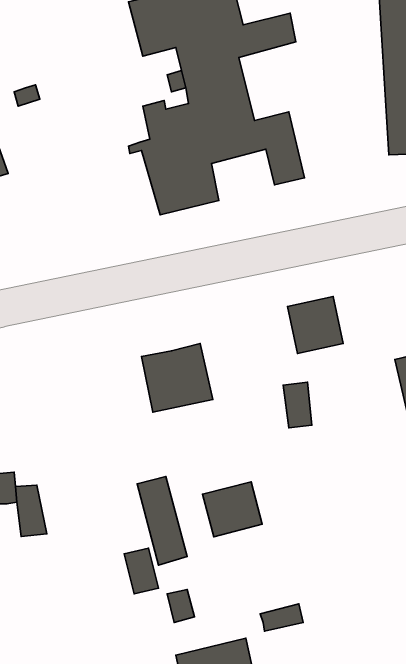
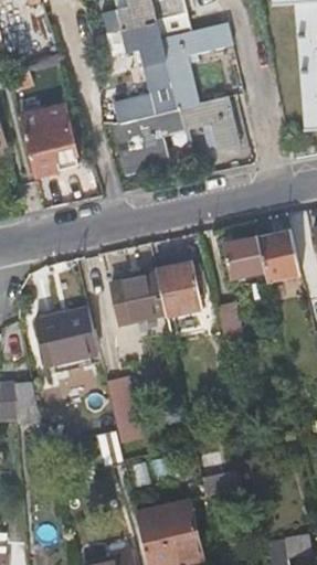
building: none -> [20,107,77,174]
building: none -> [258,230,303,281]
building: none -> [156,262,203,318]
building: none -> [39,313,102,372]
building: [203,482,262,537] -> none

